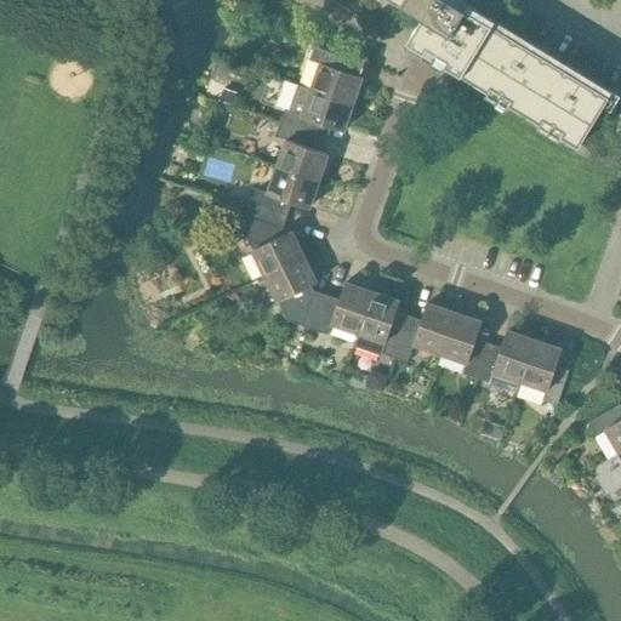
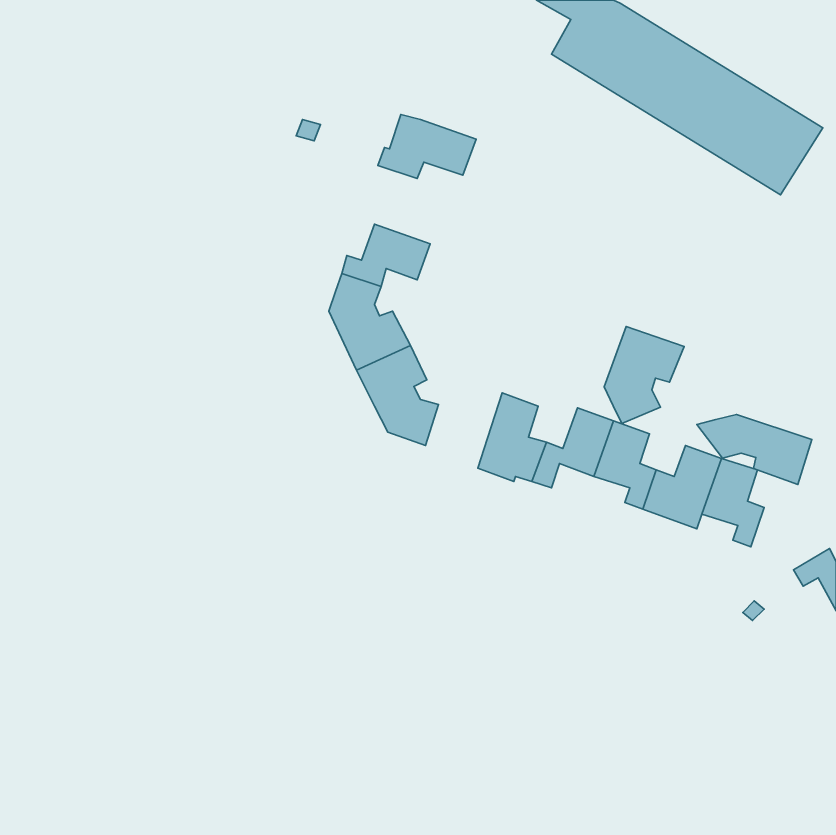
building: [309,46,364,104] -> none
building: [275,124,327,182] -> none
building: none -> [604,326,684,423]
building: [315,283,372,335] -> none
building: none -> [697,415,812,485]

